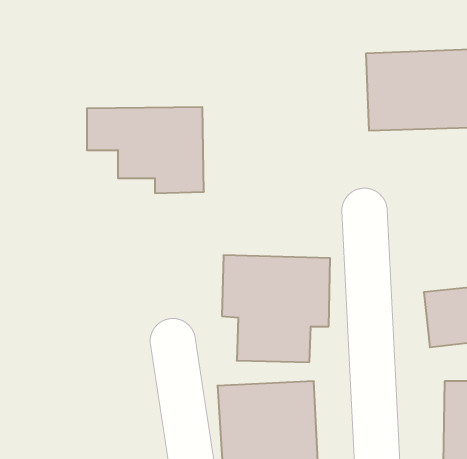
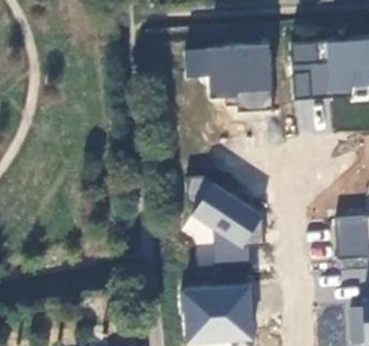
building: [87,107,204,193] -> [185,45,272,108]

